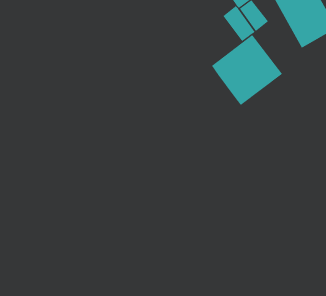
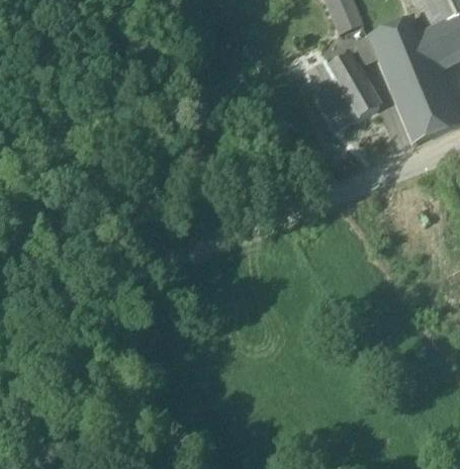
building: [211,34,283,106] -> none

